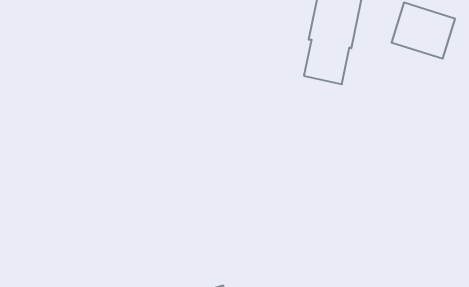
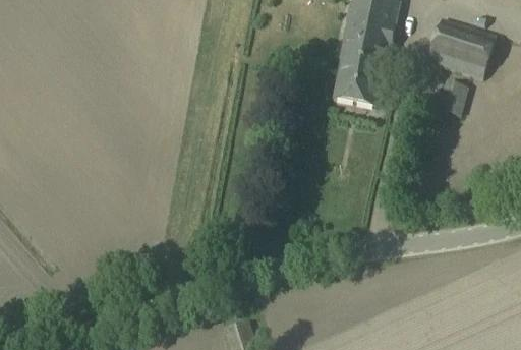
building: none -> [439,80,469,116]

